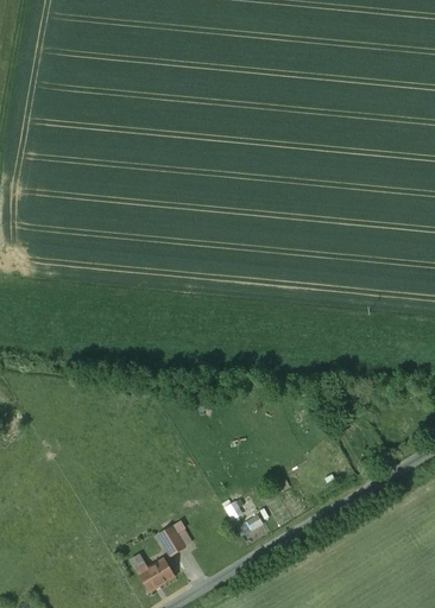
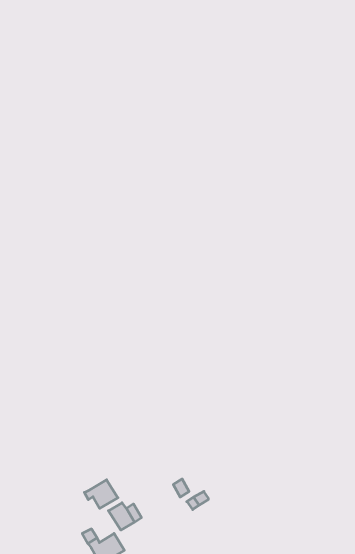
building: none -> [84,480,118,508]

